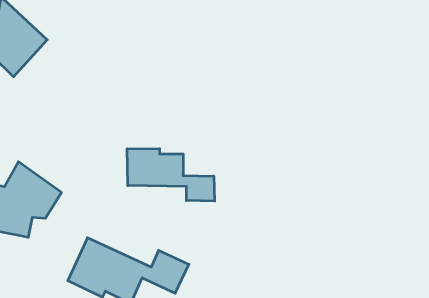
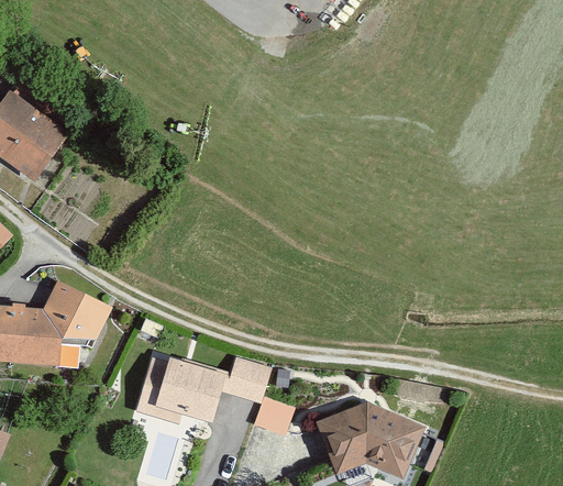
building: [127,149,215,201] -> none

